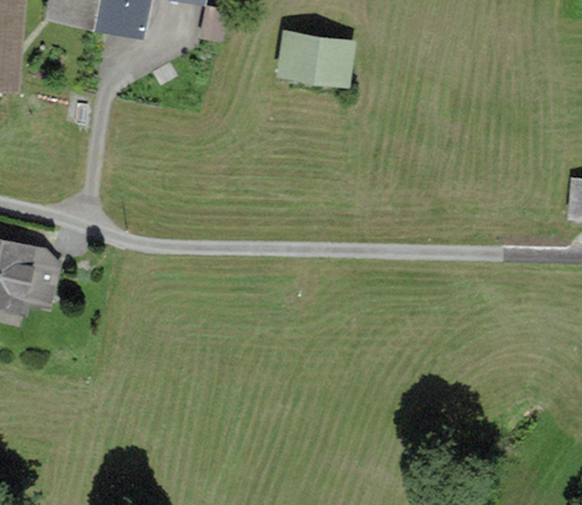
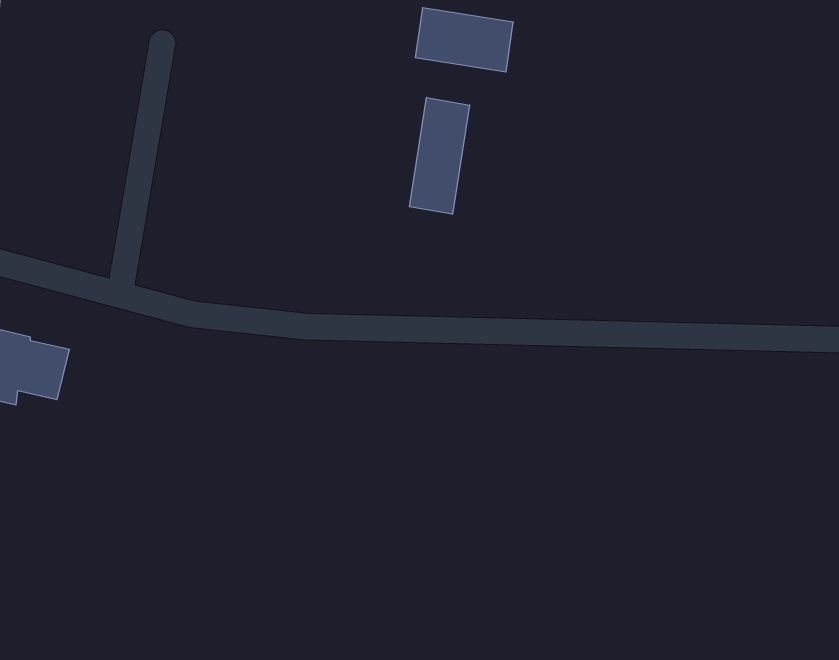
building: none -> [409,97,470,214]

